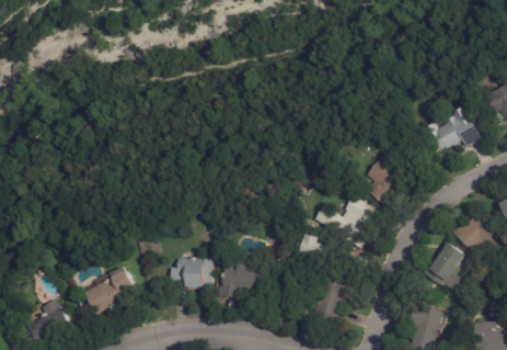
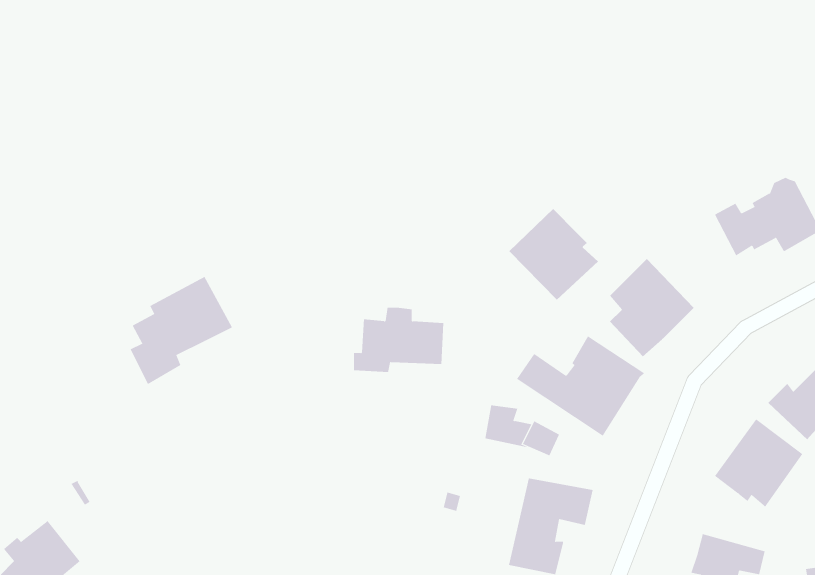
building: none -> [508,208,599,300]
building: [170,256,210,289] -> none
building: [215,260,265,296] -> [353,307,444,372]
building: [82,262,139,323] -> [130,276,233,385]

